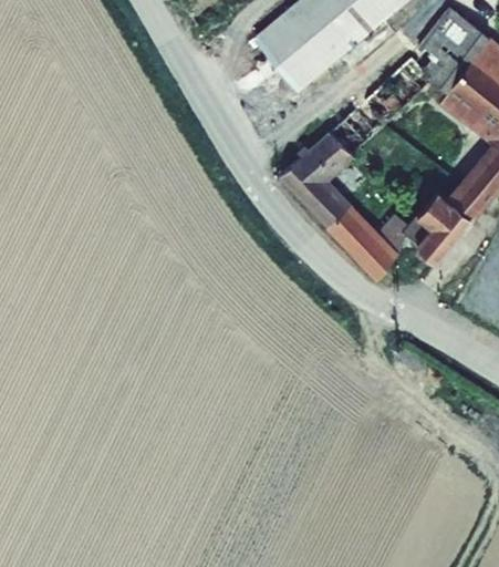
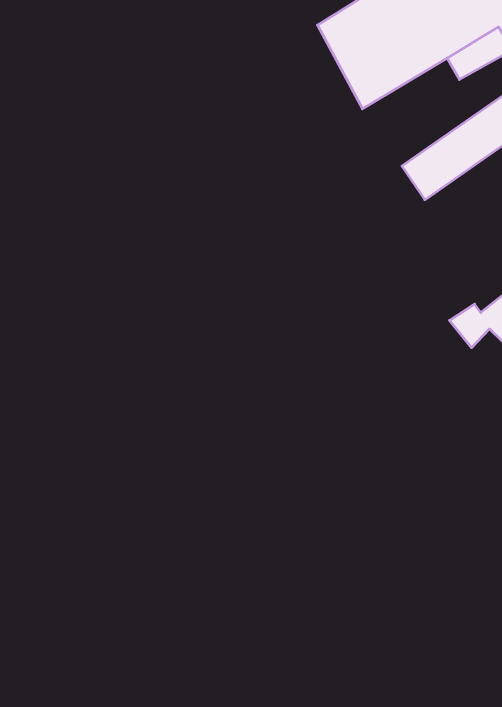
building: [279,128,397,281] -> none

